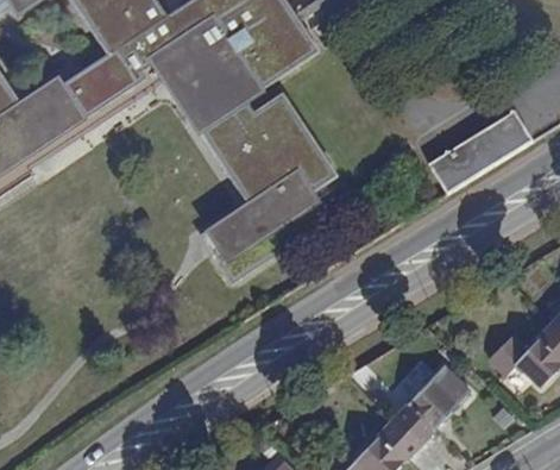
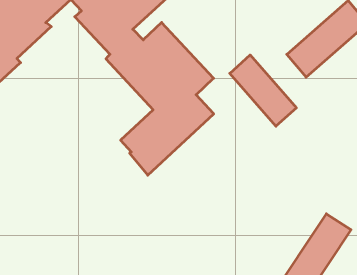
building: none -> [230,55,296,126]

